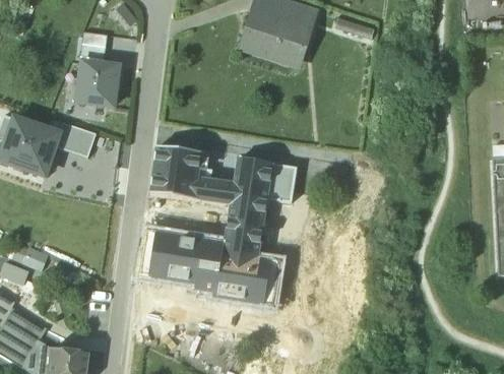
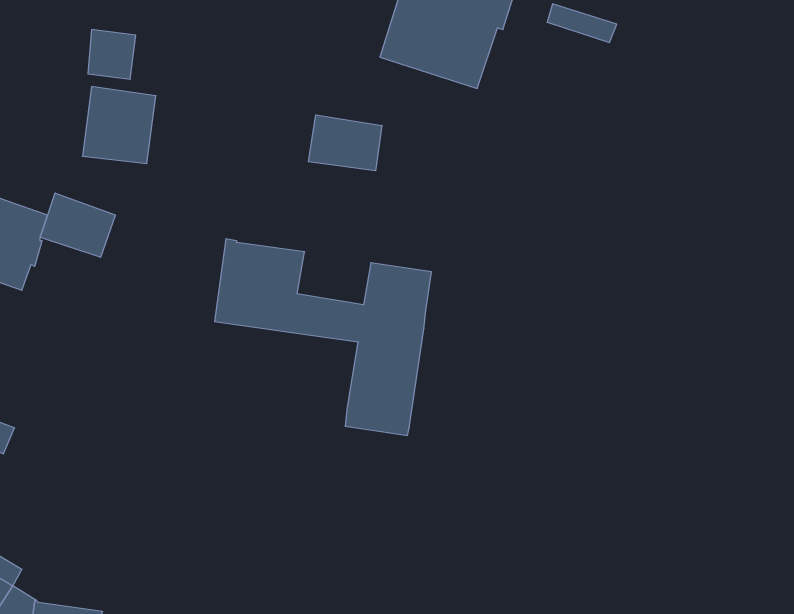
building: none -> [308,115,382,171]
building: [267,165,297,200] -> none
building: [140,230,282,303] -> none

